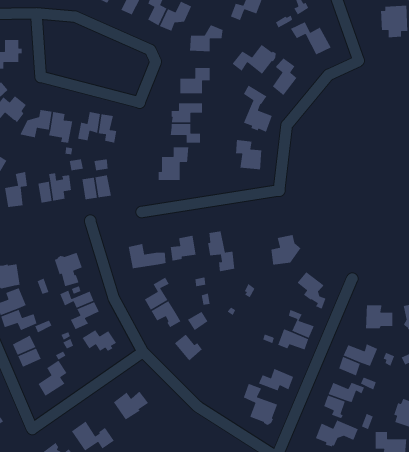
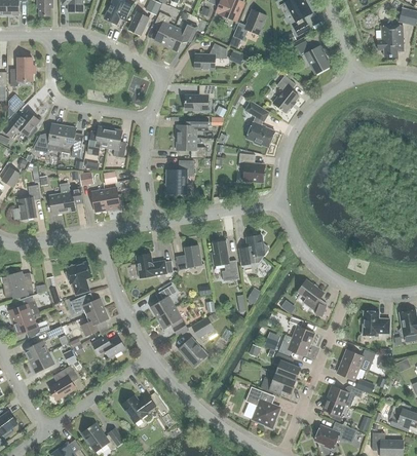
building: [232,44,276,75] -> none
building: [270,234,302,265] -> [239,234,269,264]
building: none -> [273,352,300,380]

